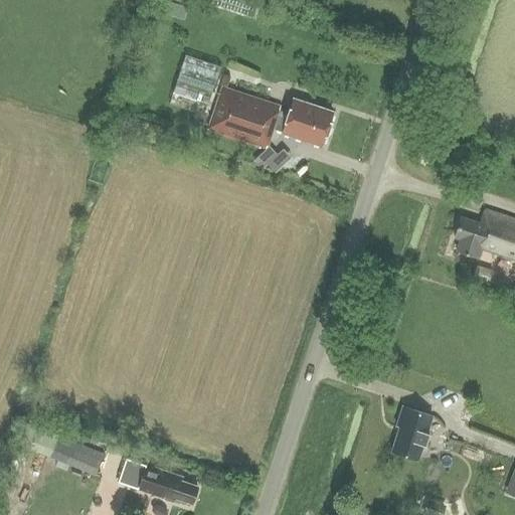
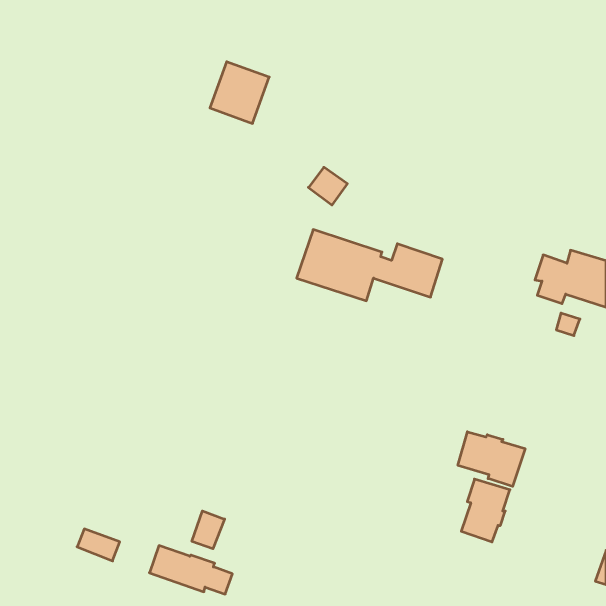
building: [208,88,332,148] -> [297,230,442,301]
building: none -> [458,432,525,486]
building: none -> [192,511,225,549]

